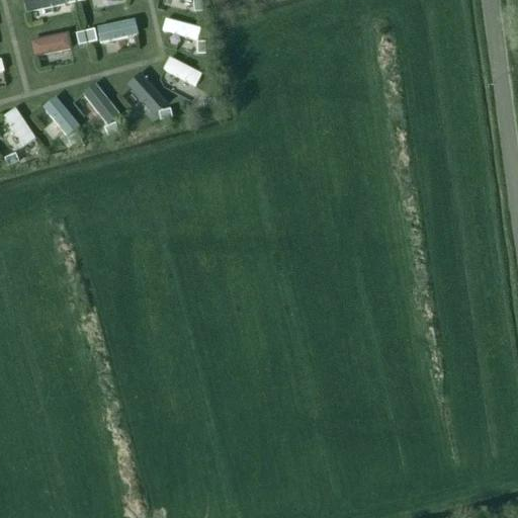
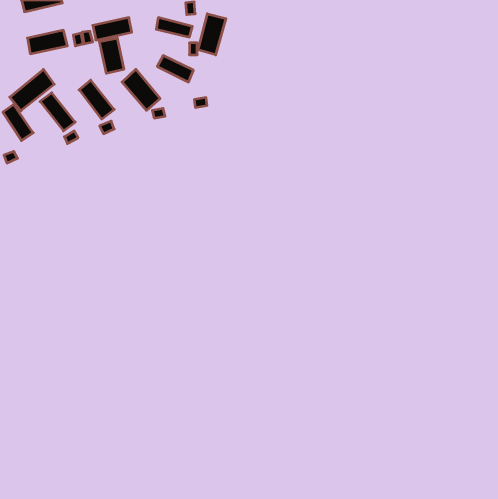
building: none -> [198,14,226,55]
building: none -> [99,38,124,73]
building: none -> [10,69,54,111]

